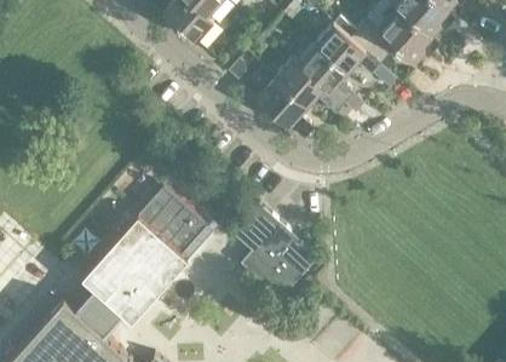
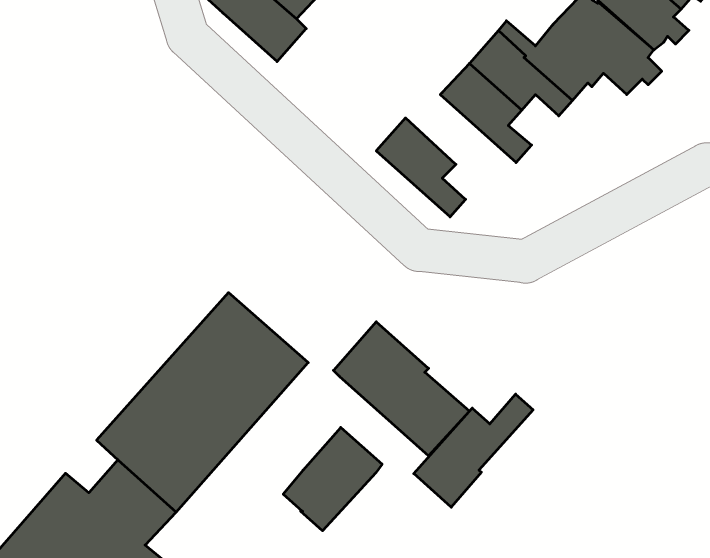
building: [275,57,344,114] -> none
building: none -> [414,394,533,507]
building: none -> [283,427,382,531]

